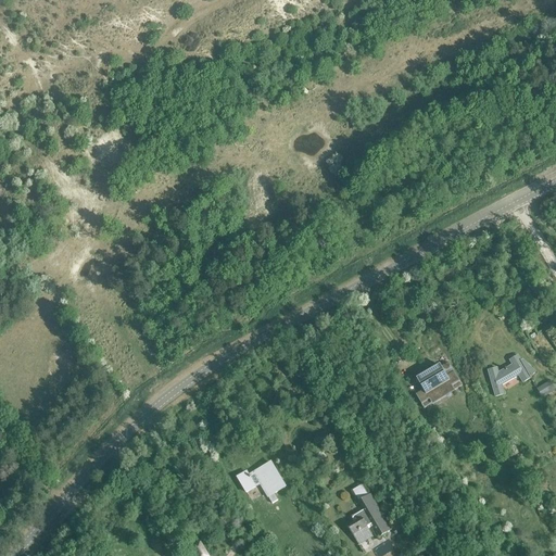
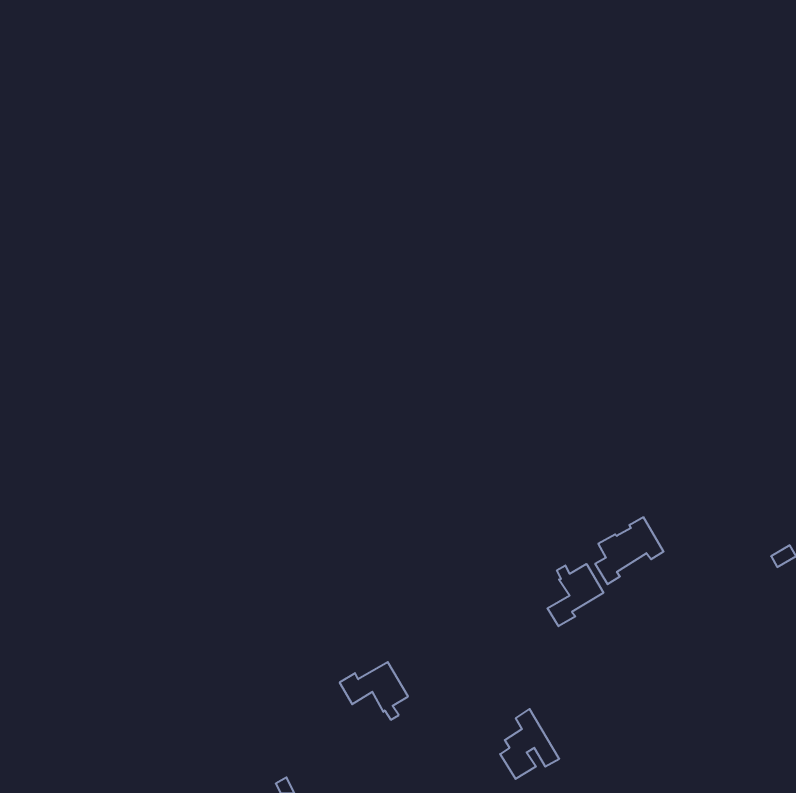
building: [489,354,531,395] -> none
building: none -> [547,564,603,626]

